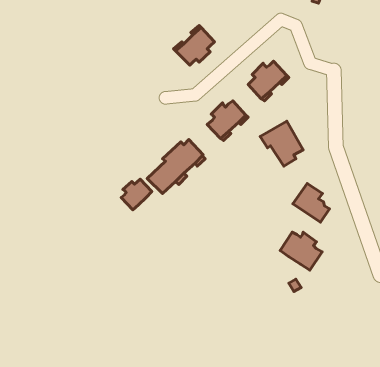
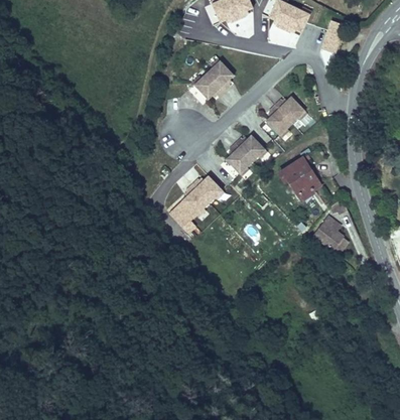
building: [121,179,152,210] -> none
building: [280,232,322,270] -> none

